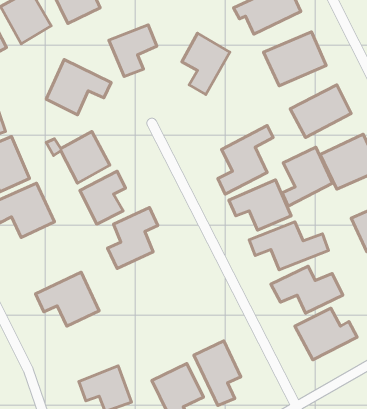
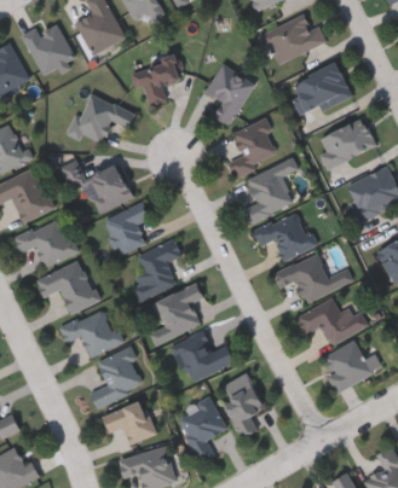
building: [282,147,332,206] -> [230,118,281,178]
building: none -> [35,260,98,314]
building: none -> [149,284,203,345]
building: none -> [172,332,235,383]
building: none -> [91,348,145,408]

